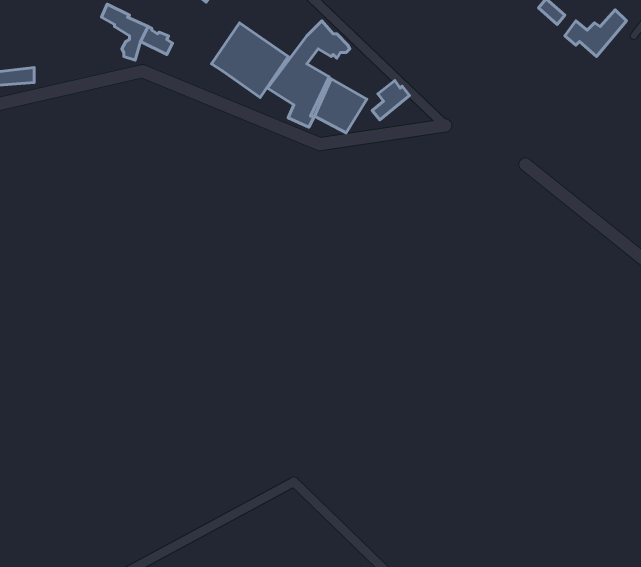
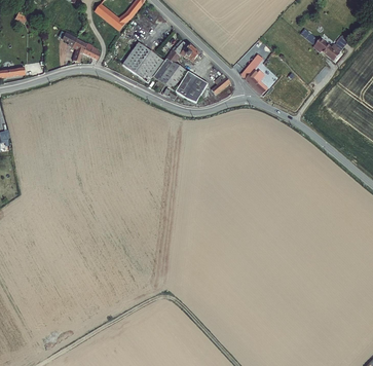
building: none -> [241,53,268,95]

